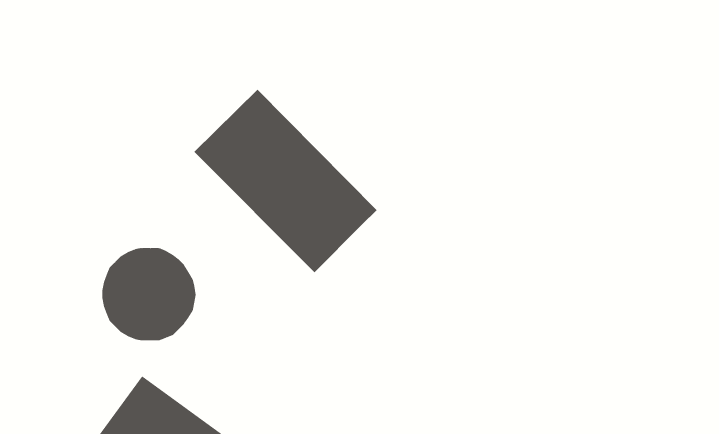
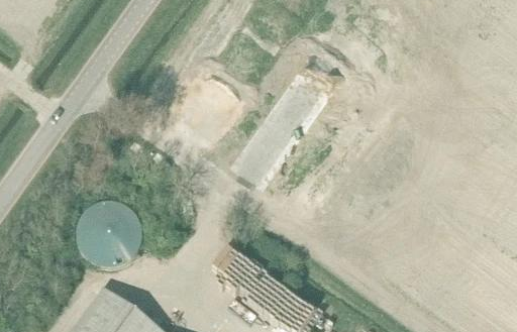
building: [193,89,377,273] -> none

